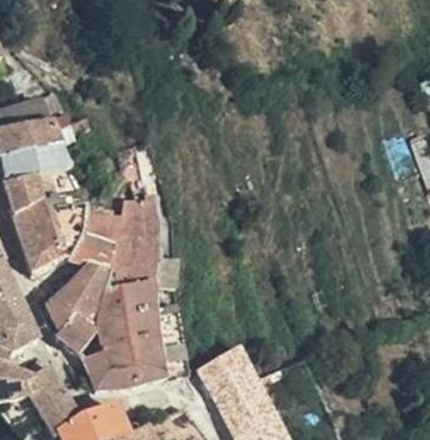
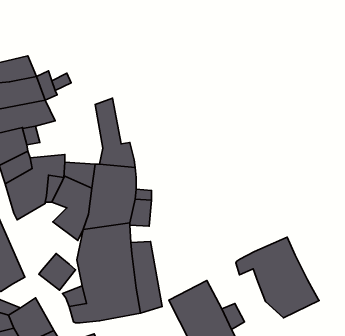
building: [44,280,97,333] -> none
building: none -> [236,237,319,318]

